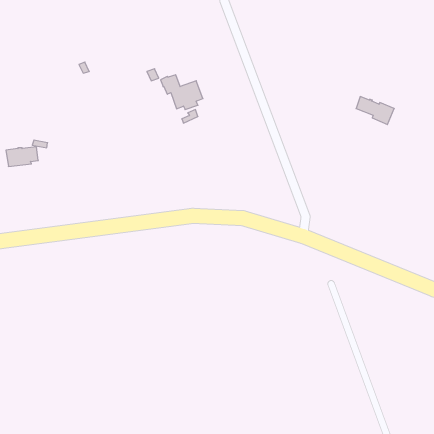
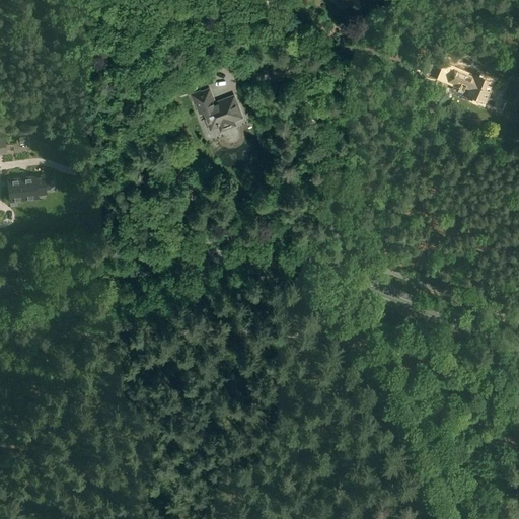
building: [356,97,394,125] -> [449,68,495,101]

